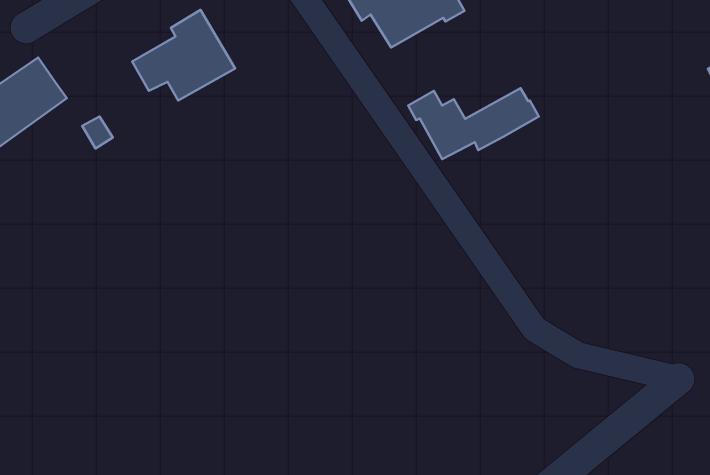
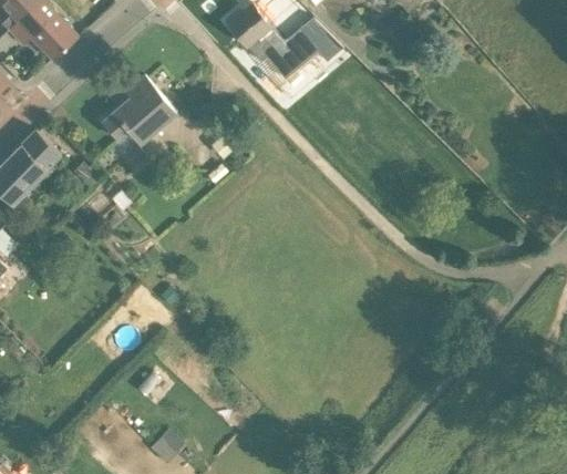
building: [408,88,539,159] -> none

